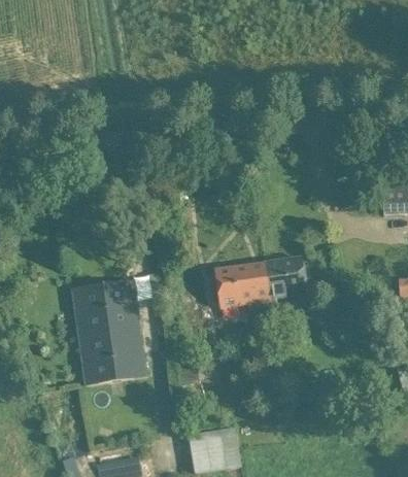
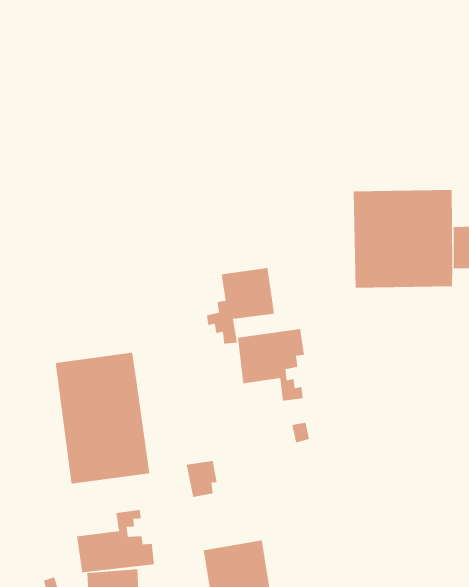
building: none -> [353,189,453,288]
building: [252,257,306,316] -> [206,268,275,344]
building: none -> [76,509,154,573]

